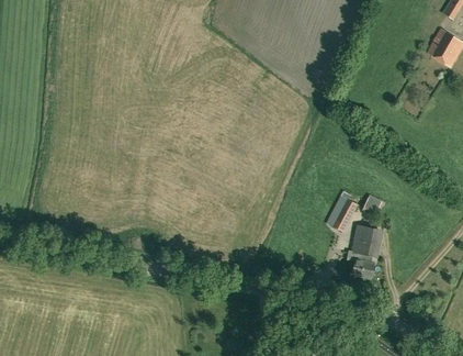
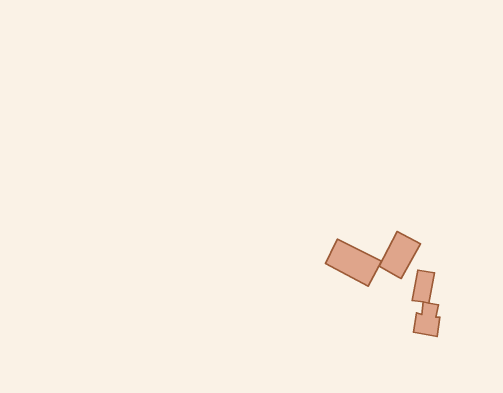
building: none -> [326,239,382,286]

